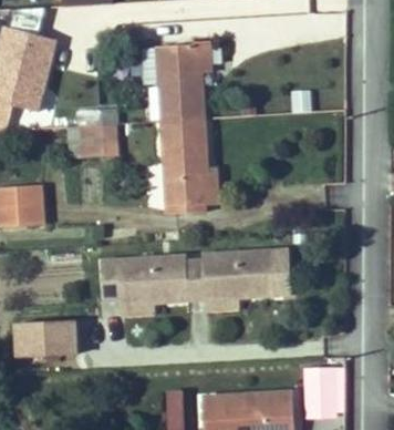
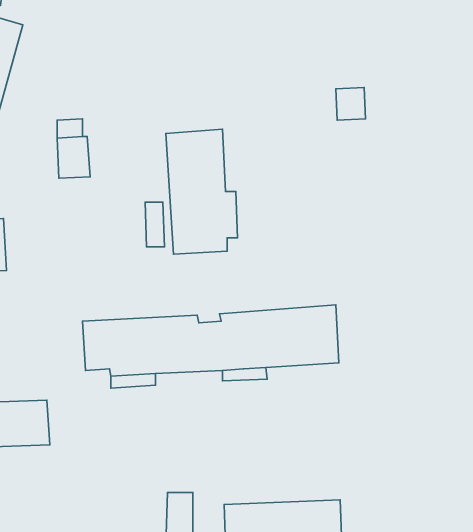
building: [158,43,209,122] -> none
building: [300,365,331,409] -> none

